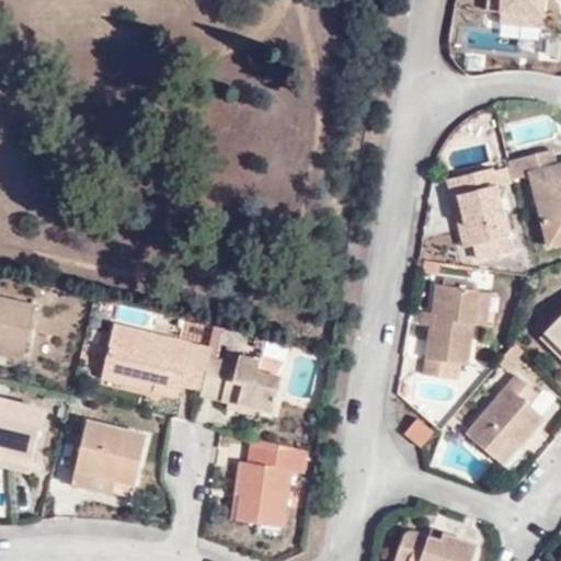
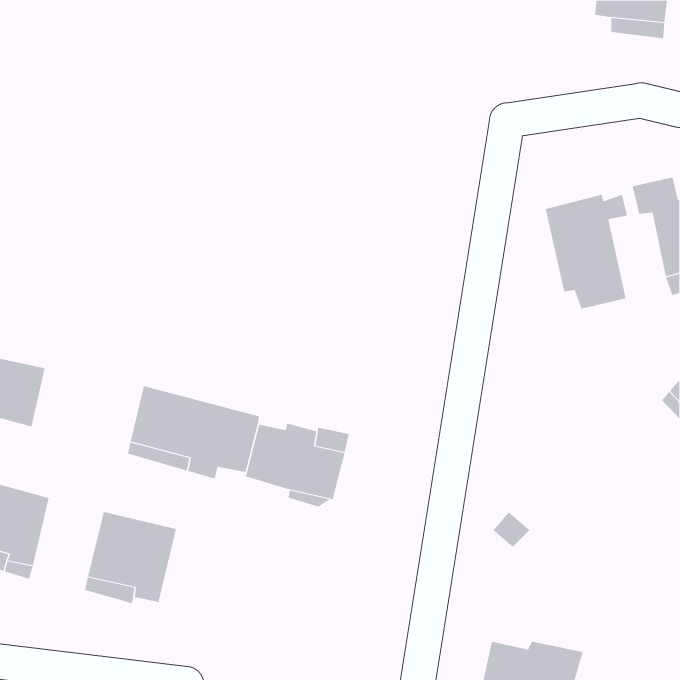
building: [422,285,485,376] -> none
building: [468,377,549,457] -> none
building: [230,436,304,531] -> none

